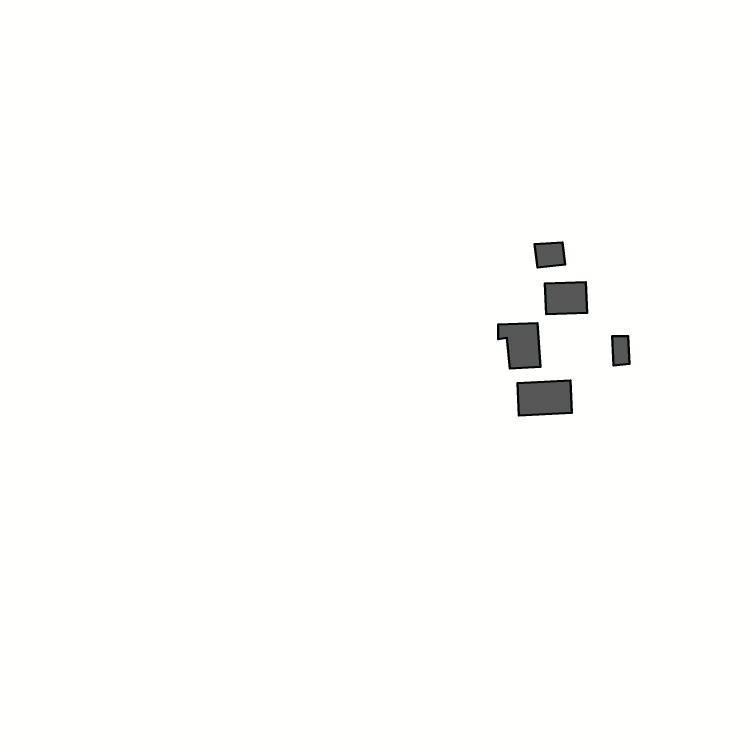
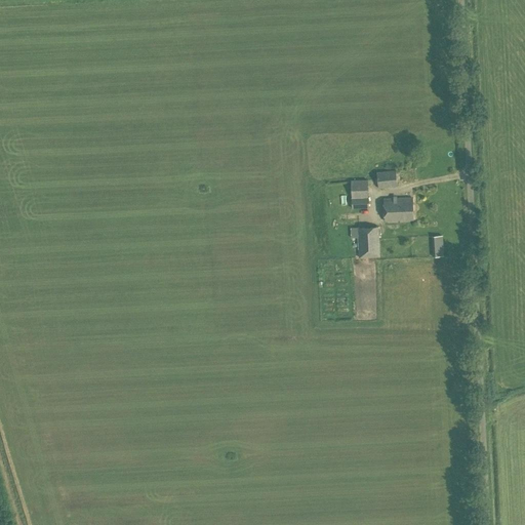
building: none -> [350,179,368,208]
building: [518,381,572,415] -> none

